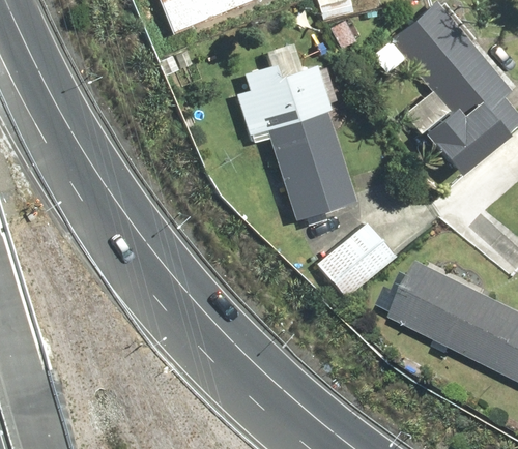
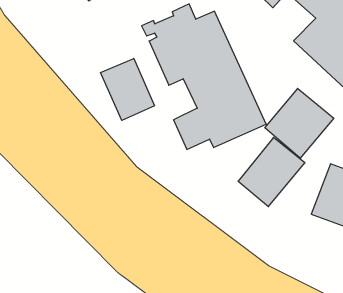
building: none -> [100,58,154,120]
building: none -> [265,88,334,158]

